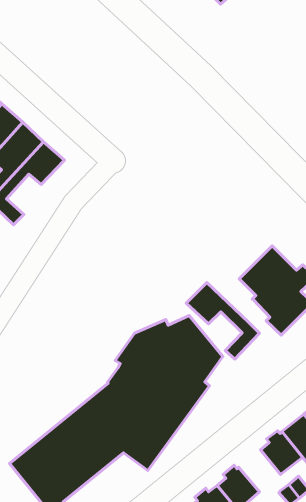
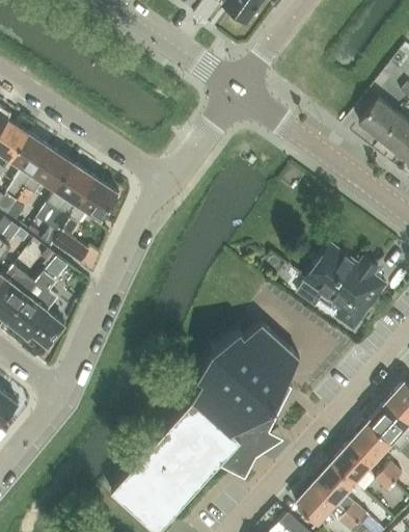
building: [186,283,259,359] -> none
building: none -> [330,443,372,483]

